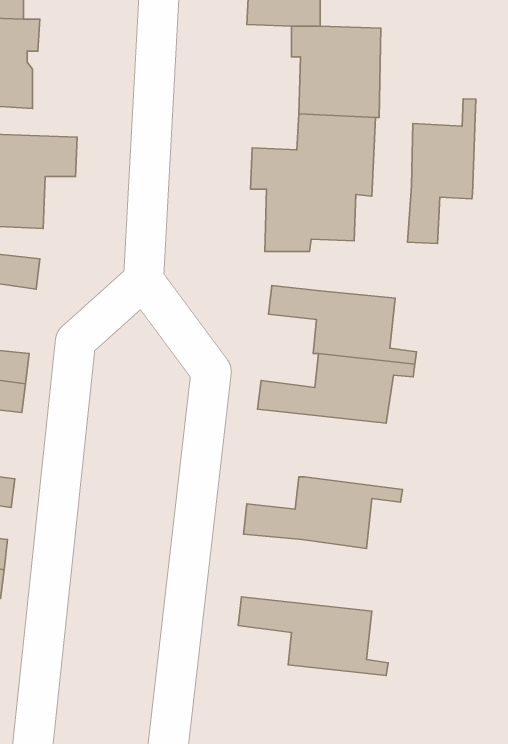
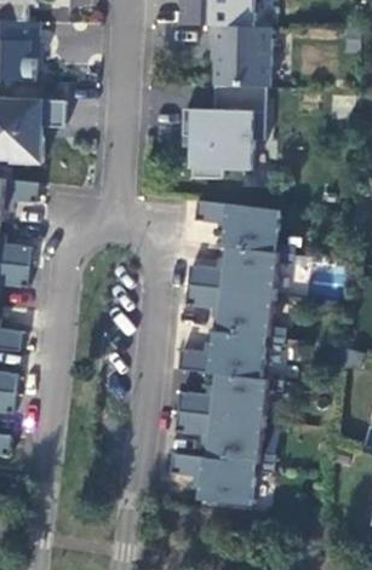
building: [407,99,476,244] -> none
building: none -> [184,284,285,339]
building: none -> [176,373,284,421]
building: none -> [168,454,274,506]

